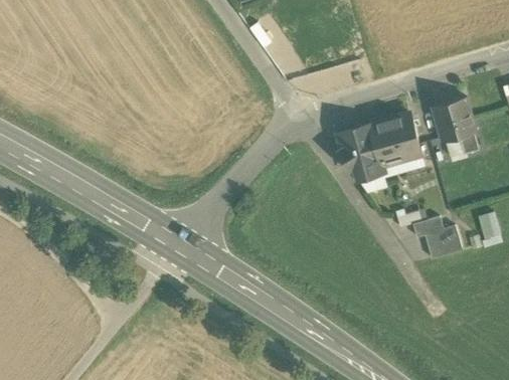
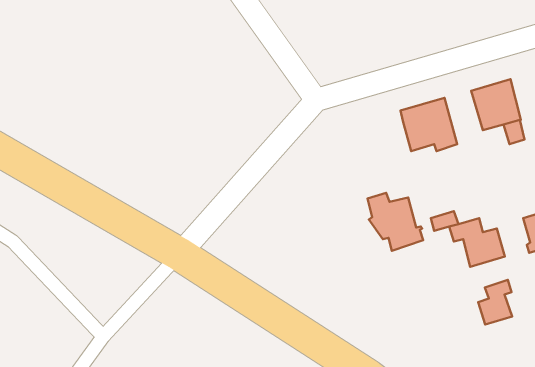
building: [338,129,386,179] -> [368,193,423,251]
building: none -> [478,280,512,325]

